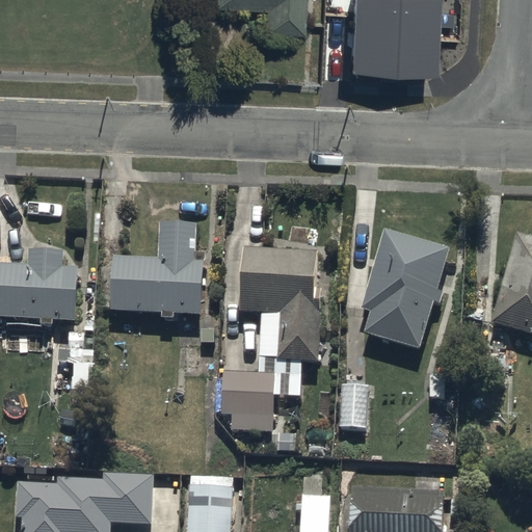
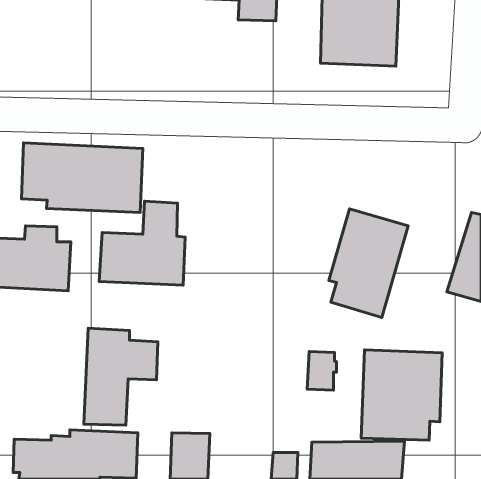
building: none -> [21,143,143,213]
building: [220,247,321,432] -> none
building: none -> [84,328,158,425]
building: none -> [361,350,442,440]

